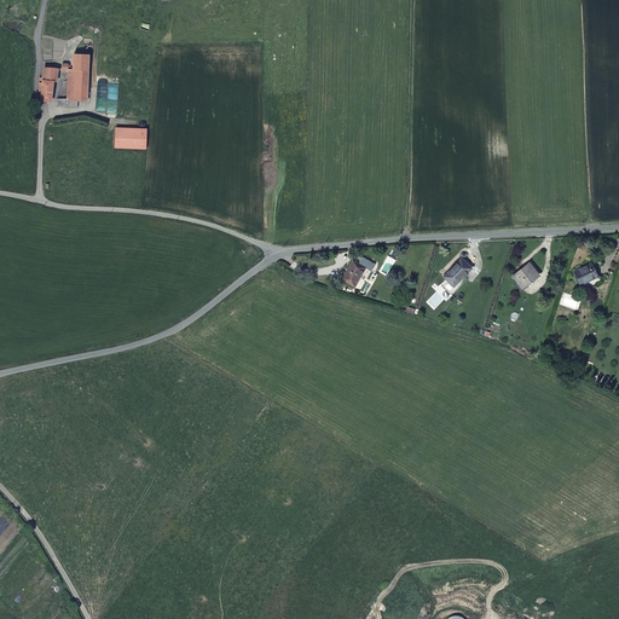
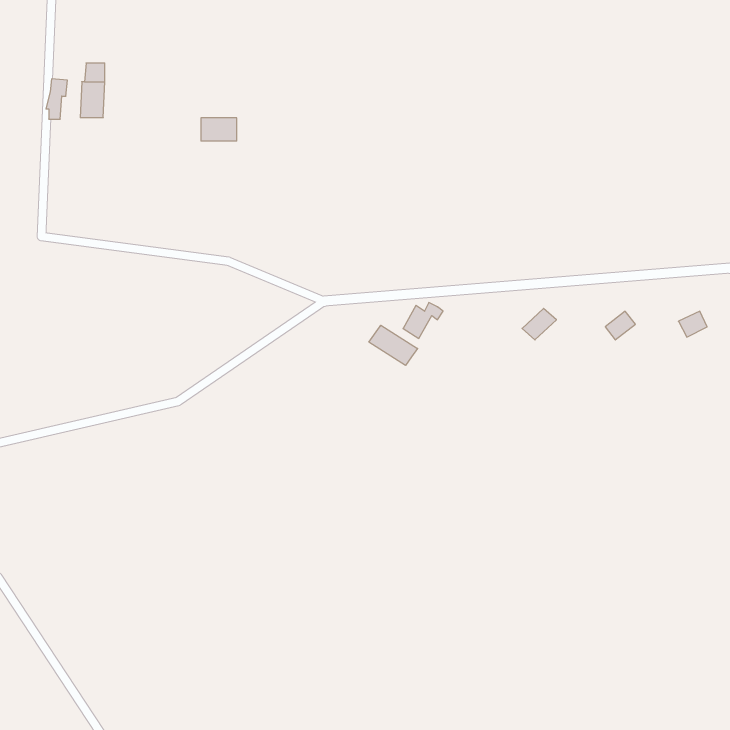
building: [116,127,146,146] -> [201,118,237,141]
building: none -> [369,325,418,365]

